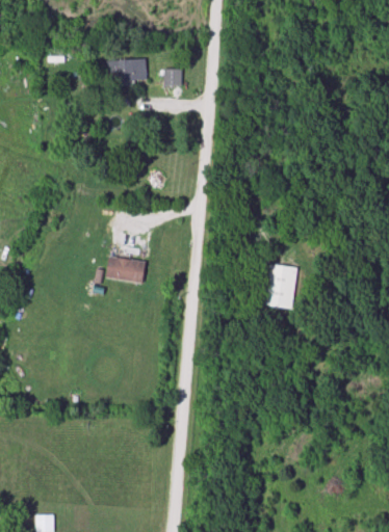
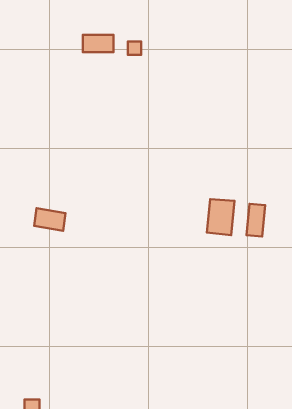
building: [106,256,146,284] -> [34,208,66,231]
building: none -> [247,204,265,237]

